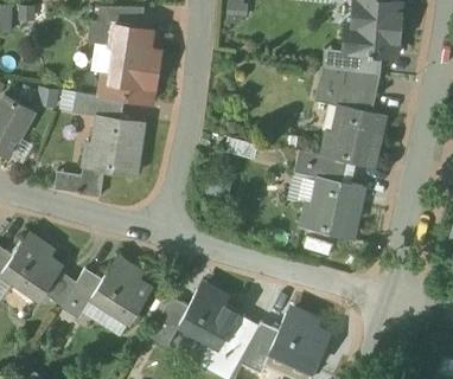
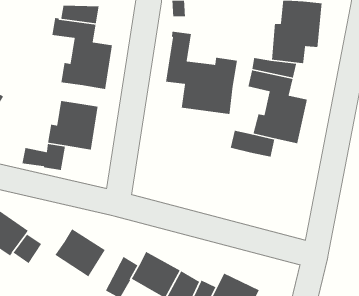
building: none -> [165,31,238,115]
building: [74,92,125,120] -> none
building: [301,178,364,238] -> none
building: [62,269,103,317] -> none

